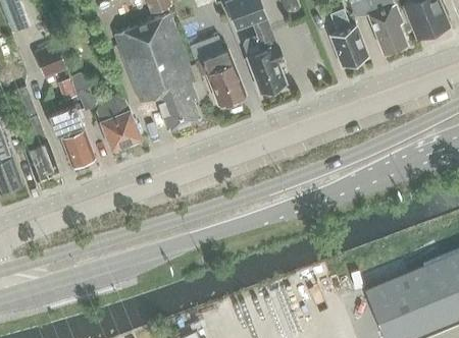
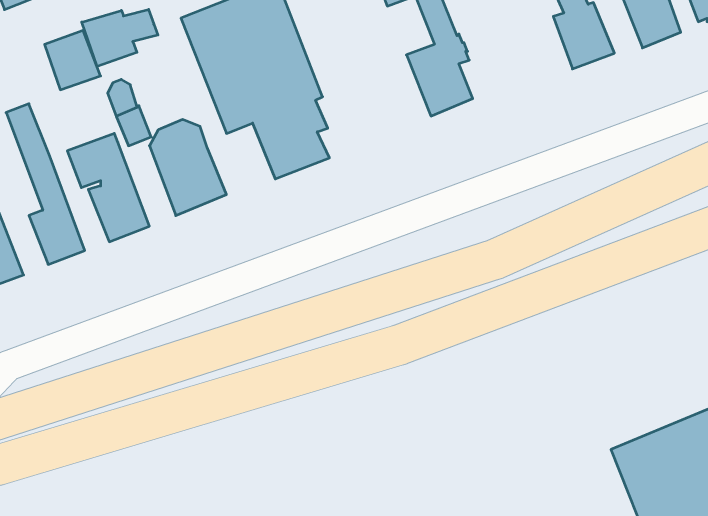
building: none -> [82,9,158,67]
building: [191,39,247,105] -> none

